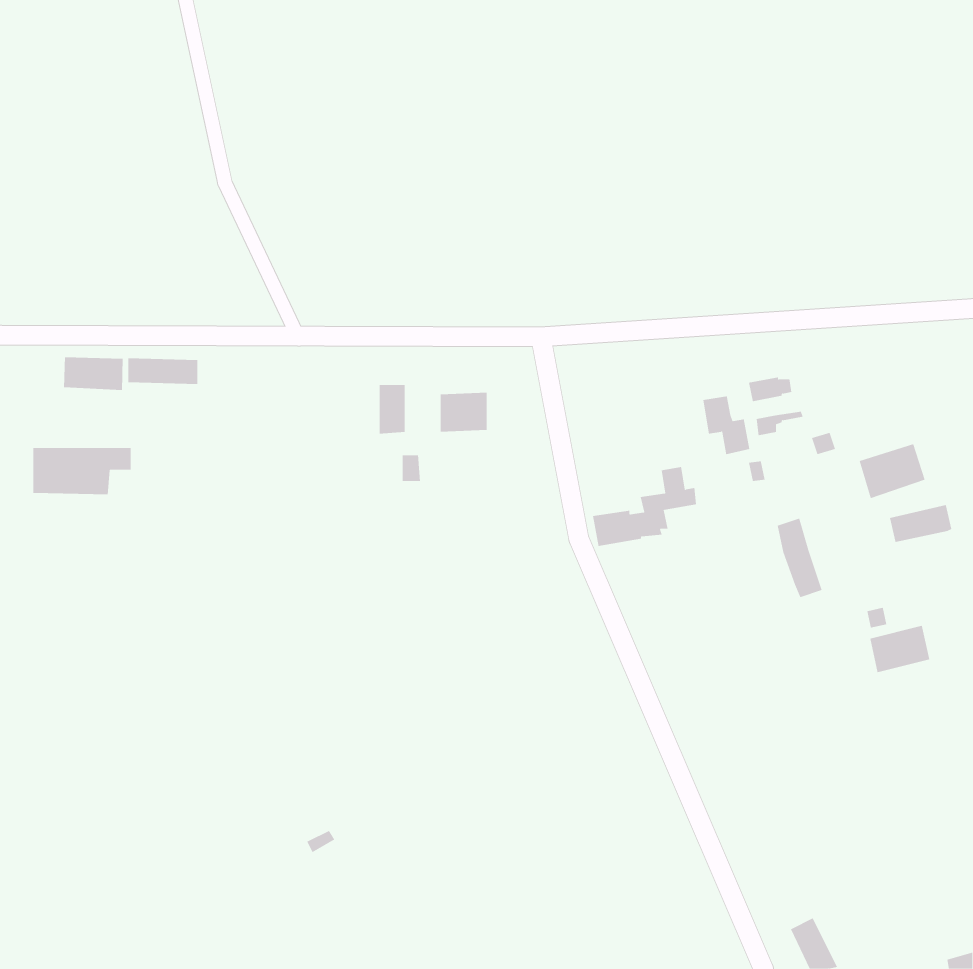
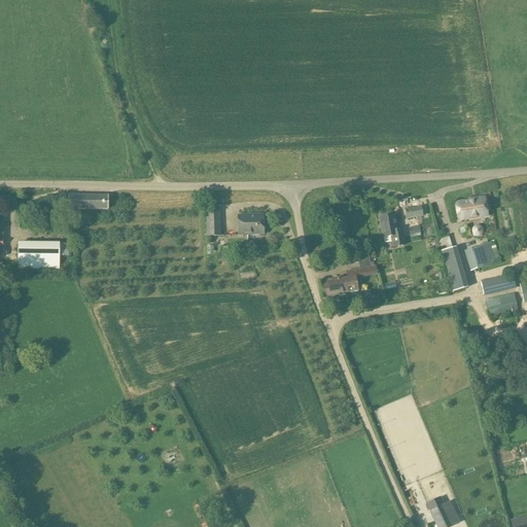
building: [63,356,123,391] -> none
building: none -> [455,196,488,219]
building: [777,518,823,598] -> [442,245,466,288]
building: [869,625,930,673] -> [485,291,518,317]

